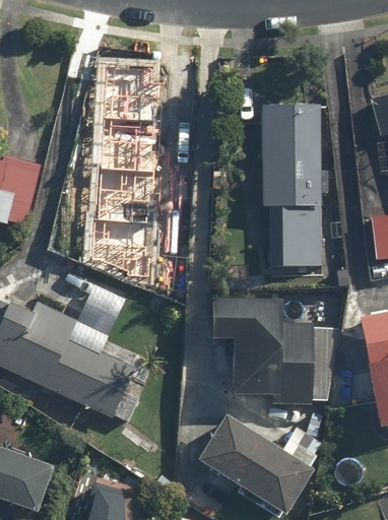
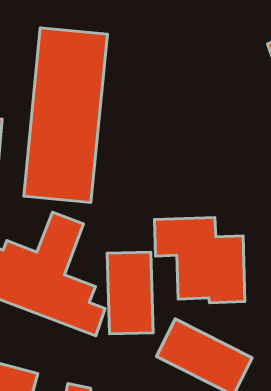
building: [260,104,323,268] -> none
building: none -> [107,252,153,334]

